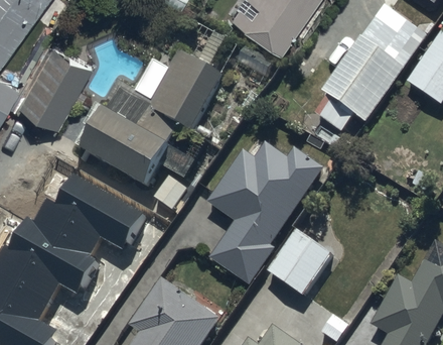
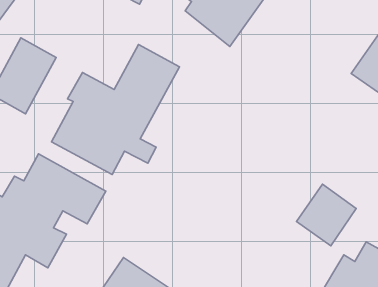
building: [319,7,427,132] -> none
building: [207,143,323,286] -> none
building: [267,231,331,298] -> [296,184,356,246]

